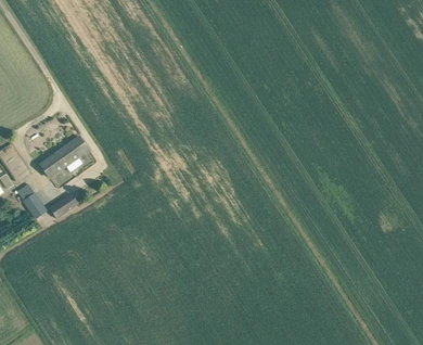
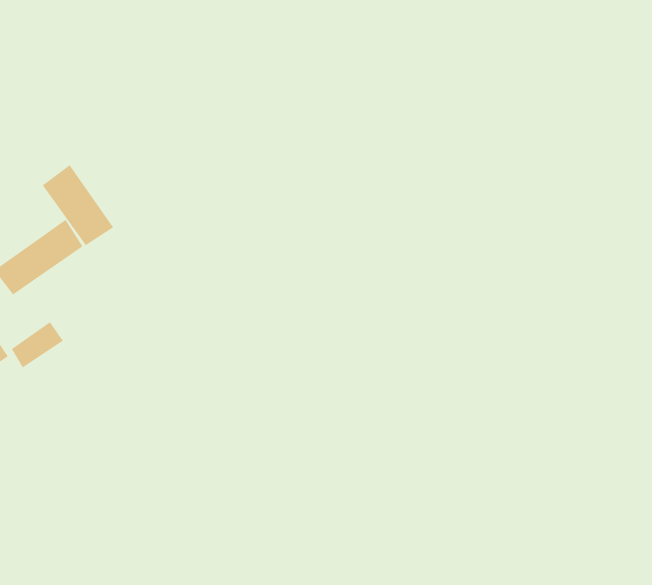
building: none -> [42,164,114,246]

